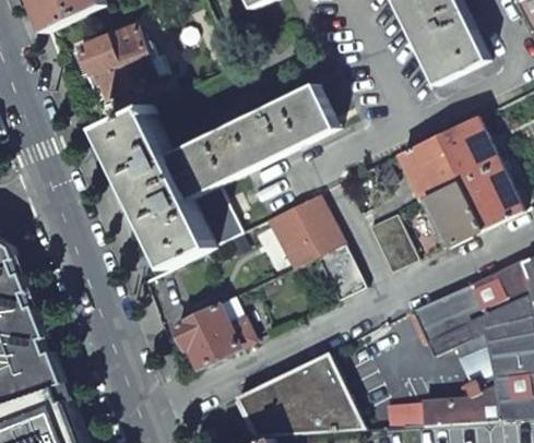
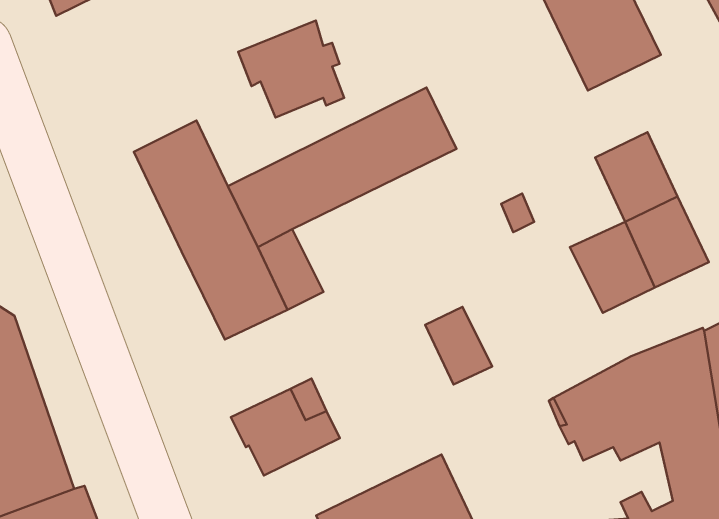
building: [78,25,155,96] -> [238,20,344,117]
building: [399,134,460,200] -> none
building: [266,195,341,267] -> none
building: [365,213,414,272] -> none

